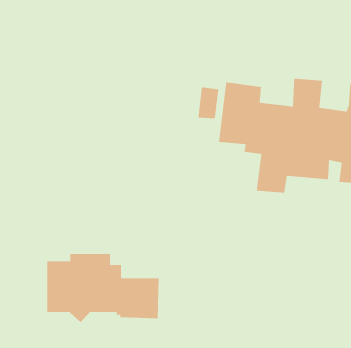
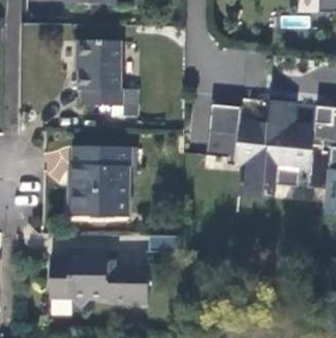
building: none -> [77,41,140,107]
building: none -> [69,148,134,217]

